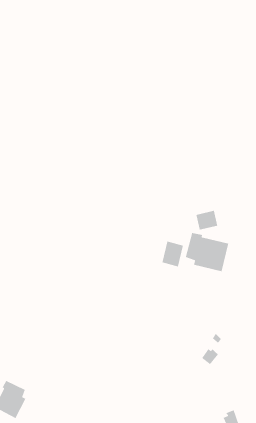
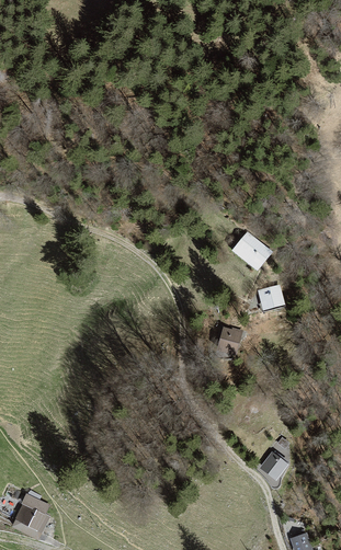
building: none -> [230,230,272,270]
building: [185,232,229,272] -> none

